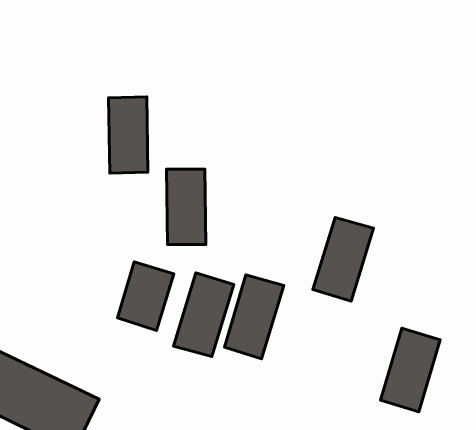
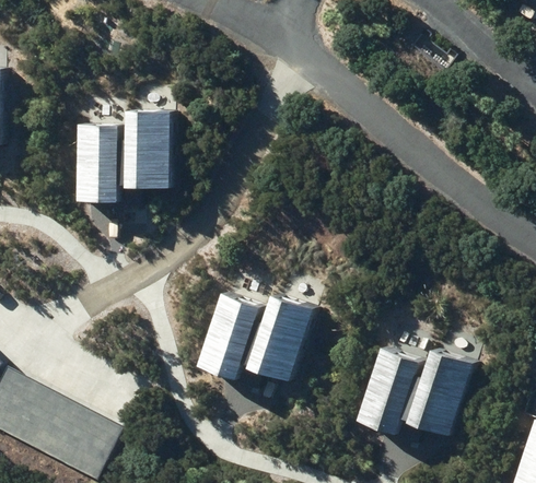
building: [166,169,206,245] -> [75,122,116,200]
building: [313,217,373,301] -> [357,347,419,434]
building: [117,262,174,331] -> none

